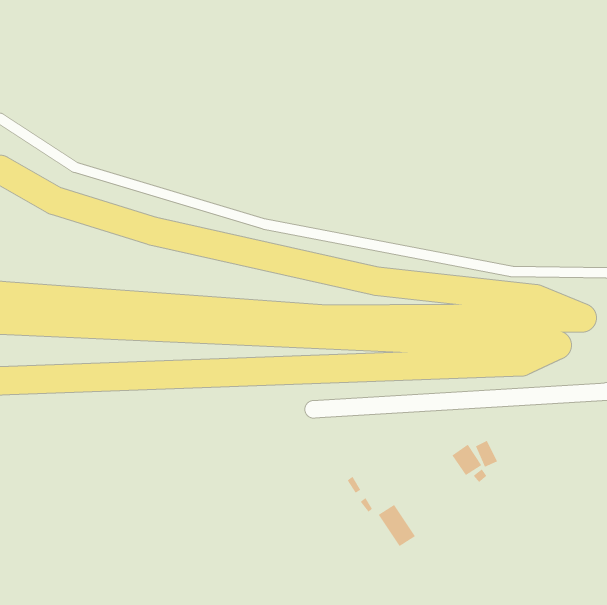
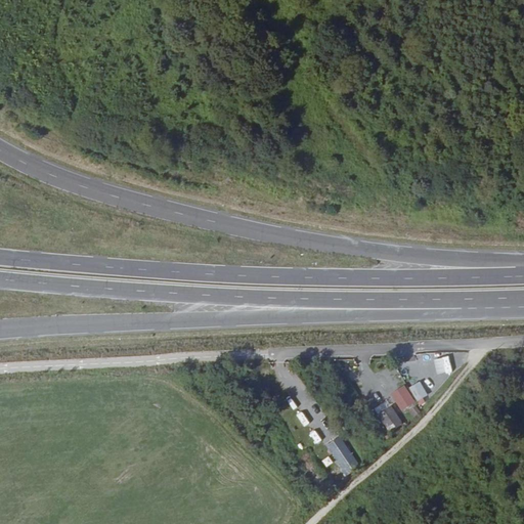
building: none -> [377,403,403,432]

